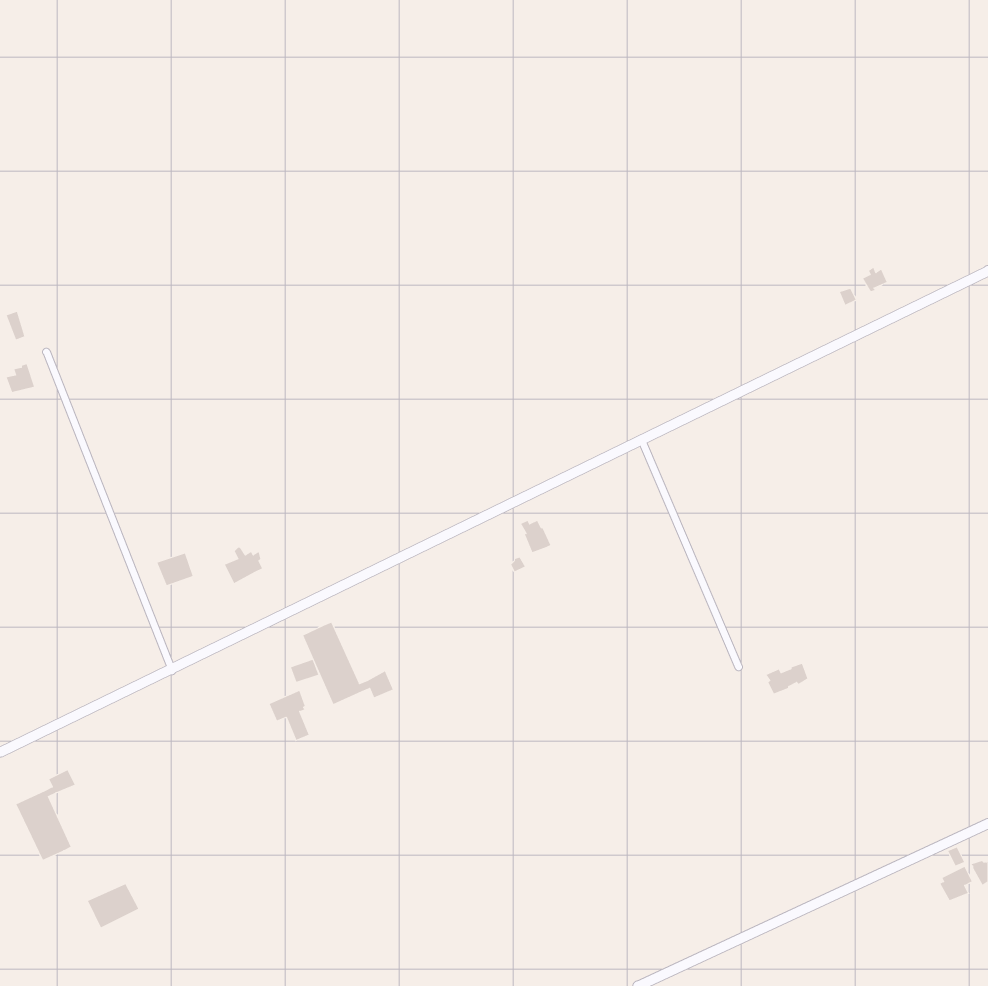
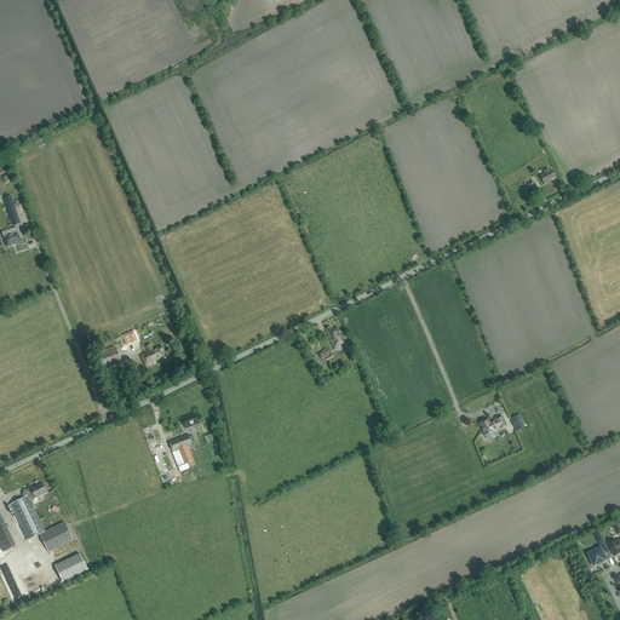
building: [303,622,394,705] -> none
building: none -> [40,521,73,551]

